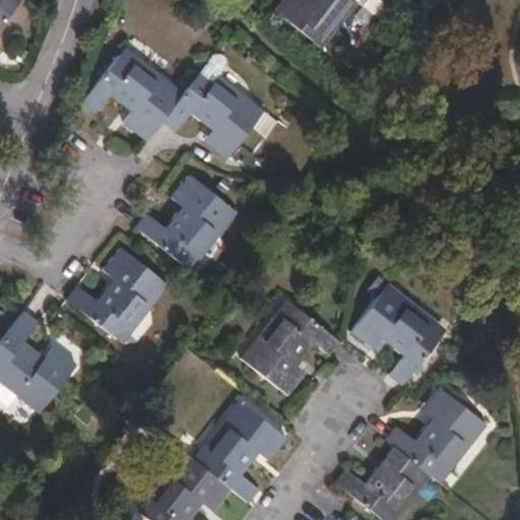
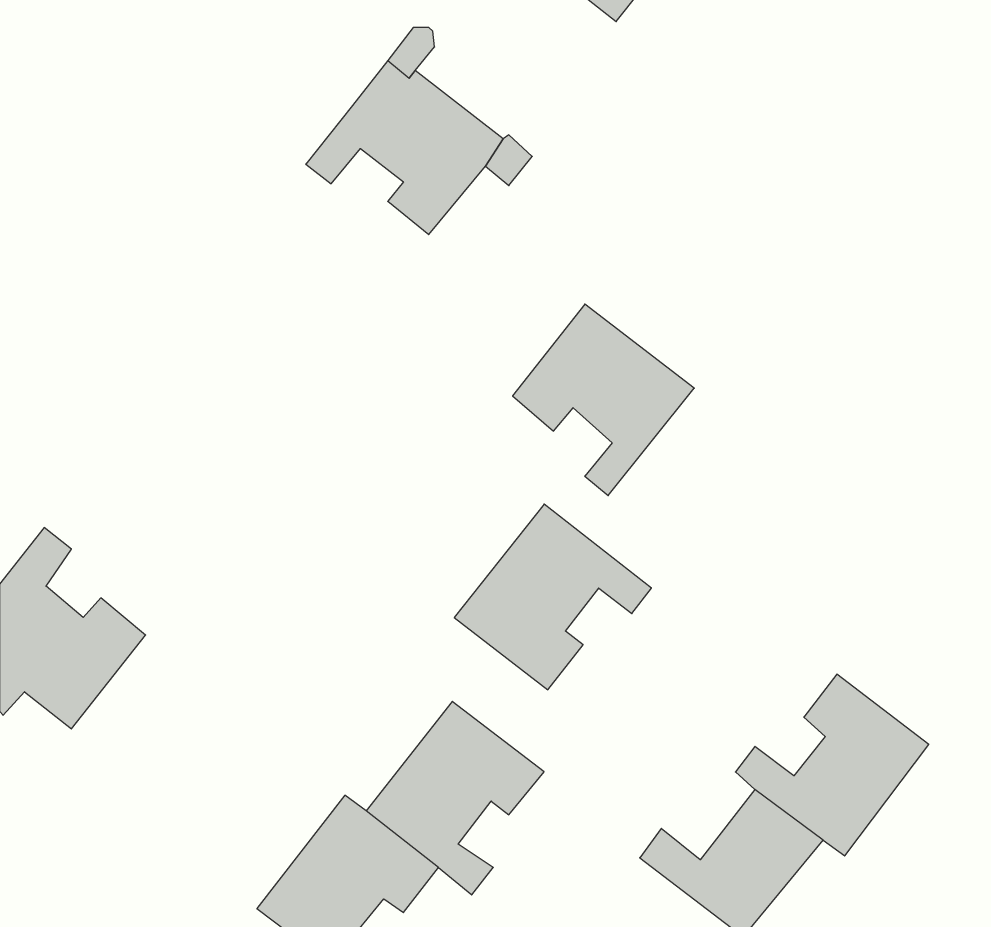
building: [83,47,186,140] -> none
building: [135,176,238,272] -> none
building: [67,248,169,343] -> none
building: [350,283,445,383] -> [513,304,694,496]

